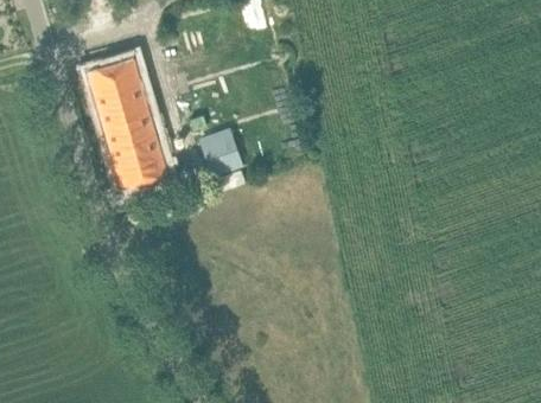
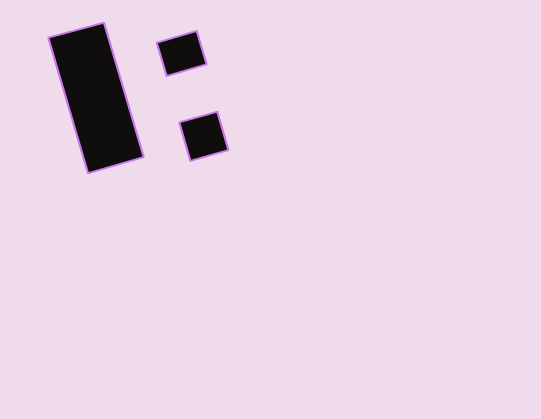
building: none -> [157,31,206,76]

